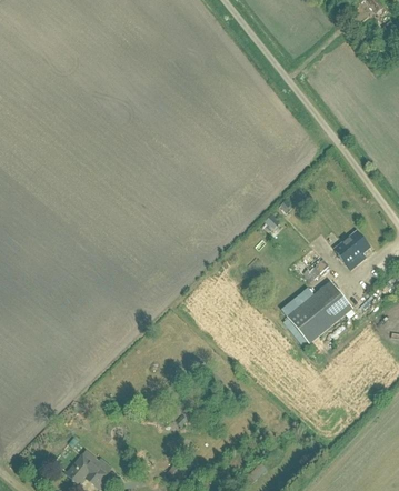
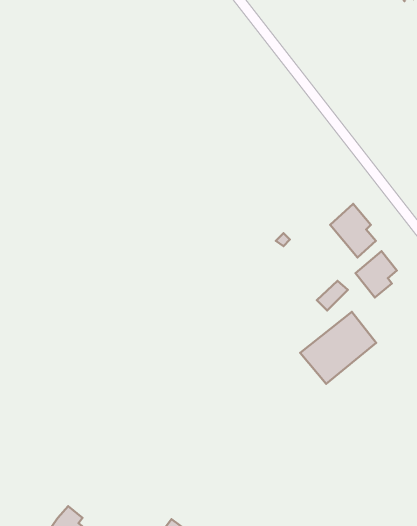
building: none -> [330,204,376,257]

